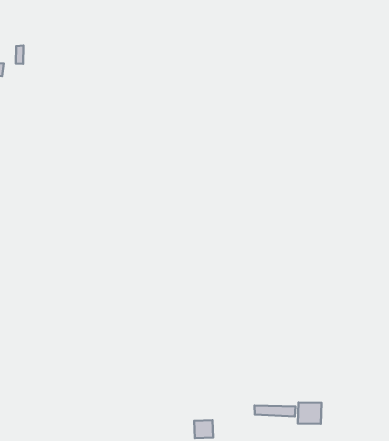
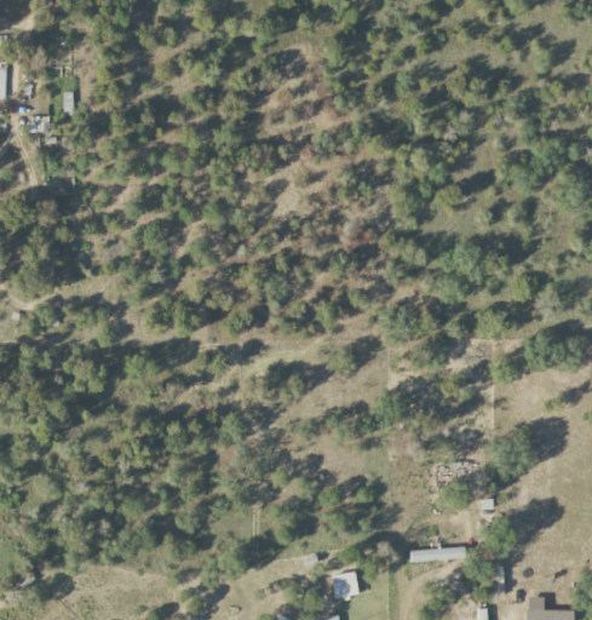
building: [298,402,321,424] -> none

